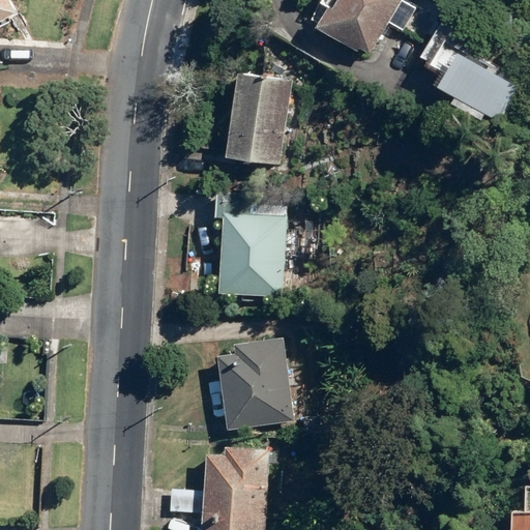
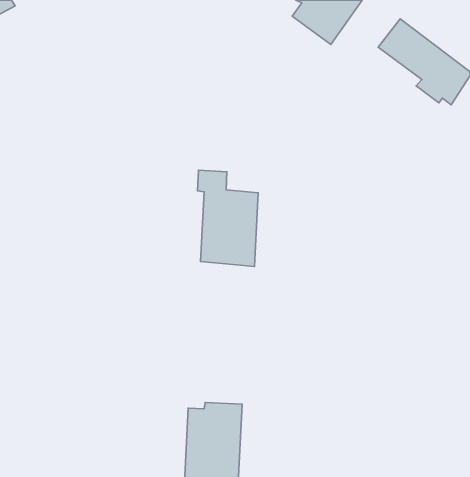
building: [230,72,288,166] -> none
building: [217,340,289,430] -> none

